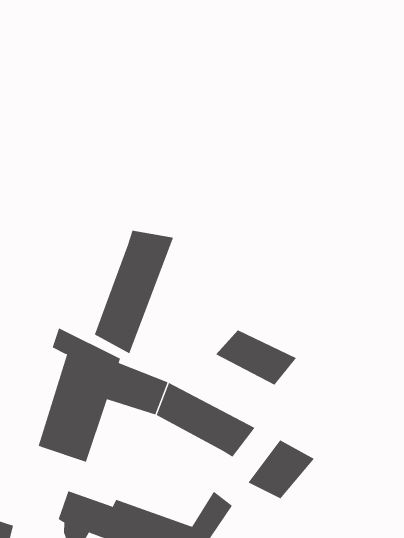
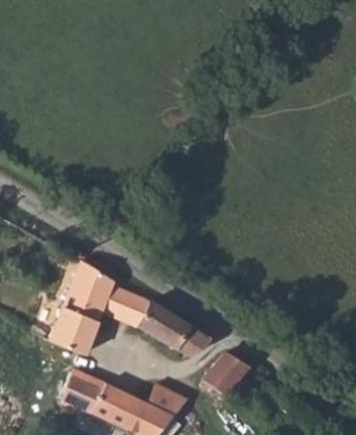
building: [94,230,174,354] -> none
building: [215,330,297,385] -> none

